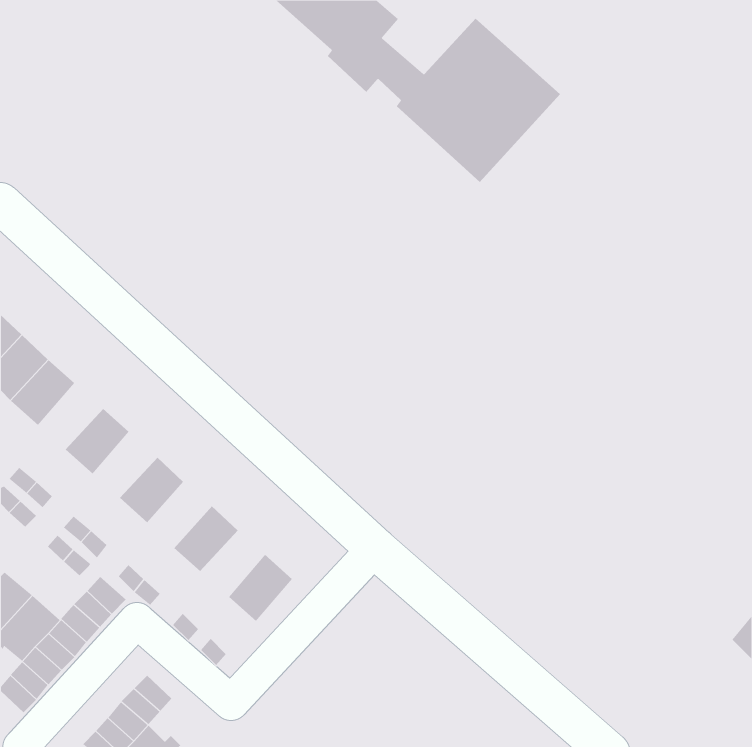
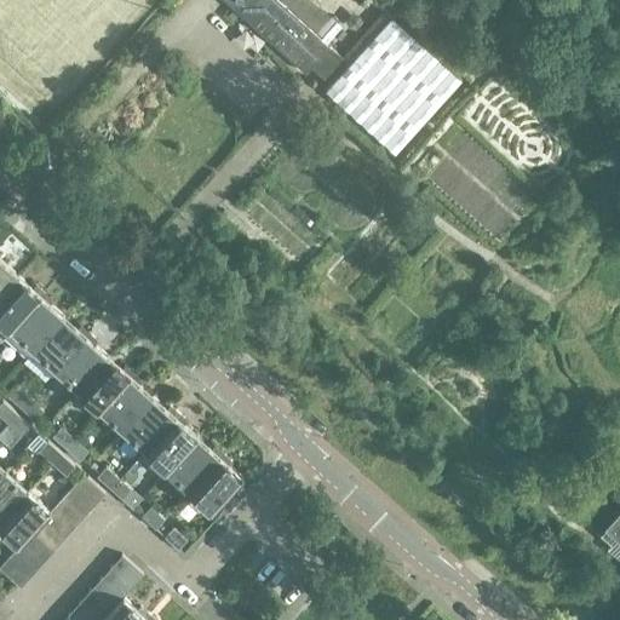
building: none -> [31,320,85,374]
building: none -> [76,360,130,414]
building: none -> [121,401,174,455]
building: none -> [165,441,218,495]

